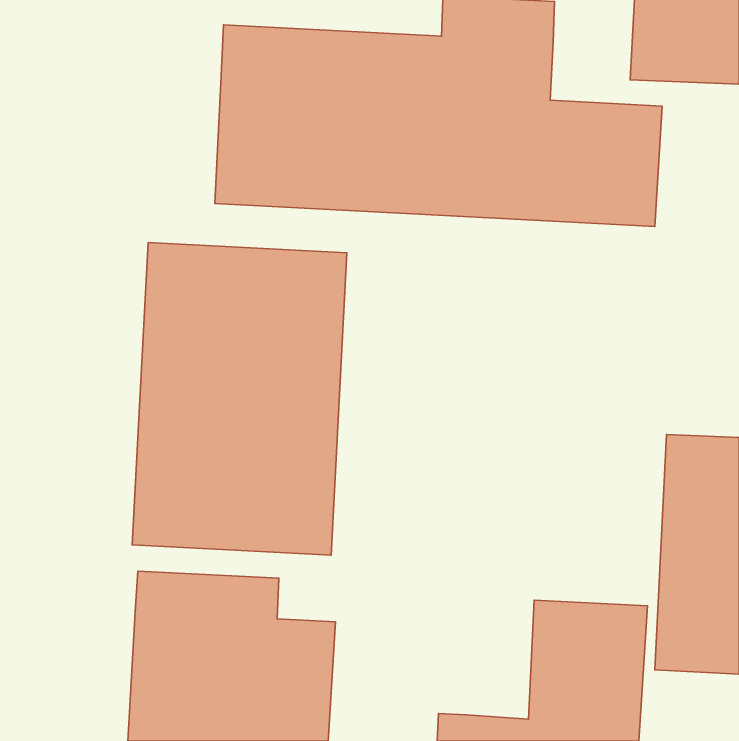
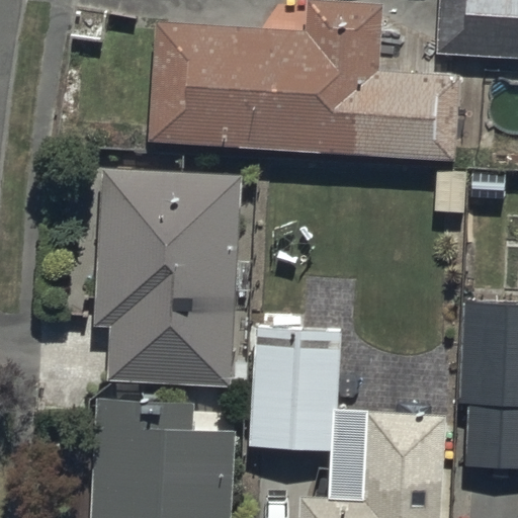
building: none -> [248,331,342,456]

